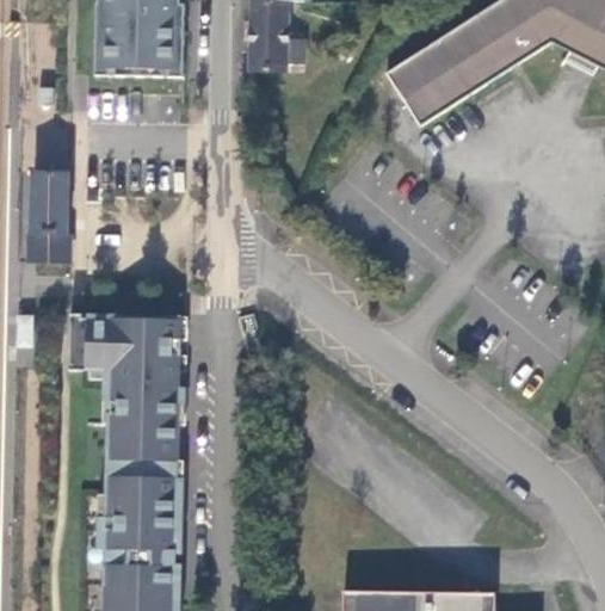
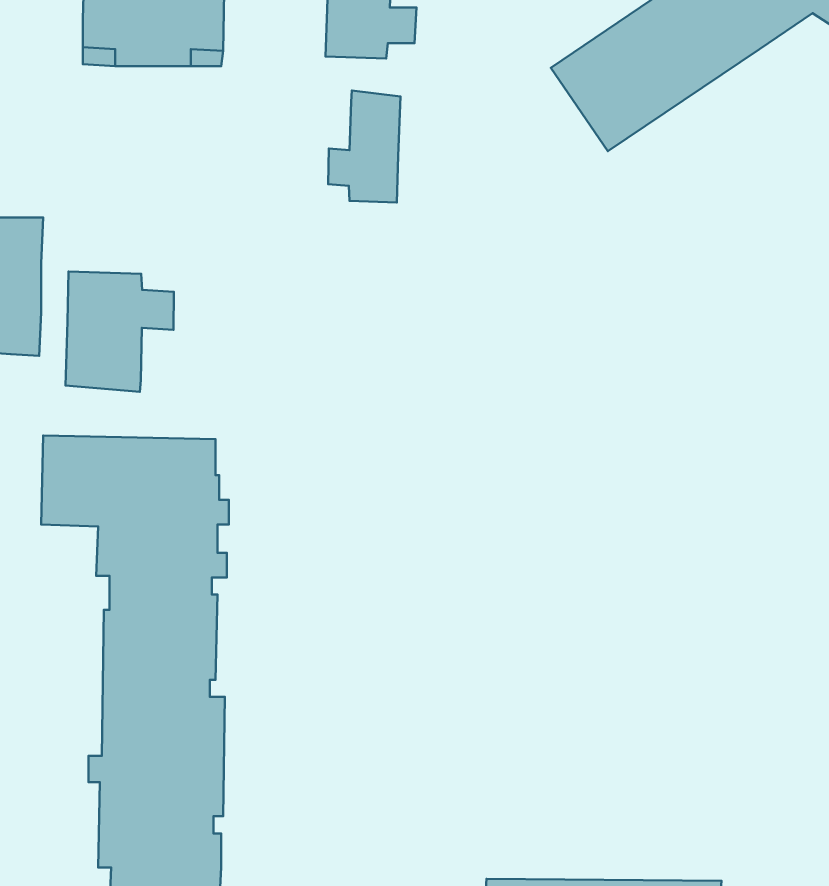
building: none -> [328,91,401,203]
building: none -> [65,272,174,392]

